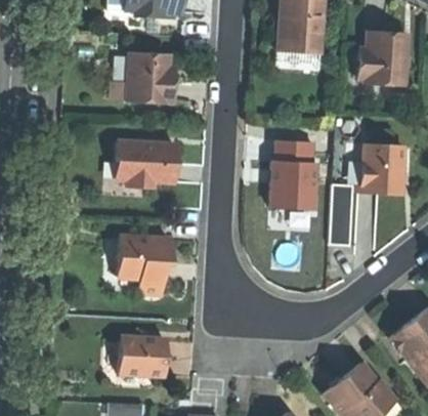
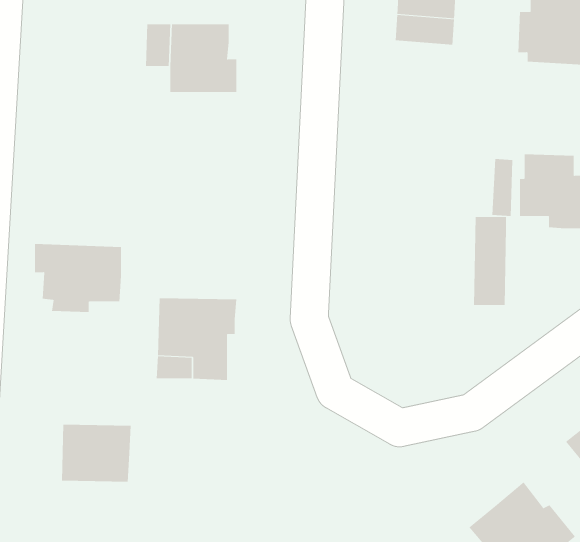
building: [118,141,176,188] -> [34,244,122,313]
building: [266,145,315,215] -> none
building: [122,336,169,375] -> [61,424,132,482]

